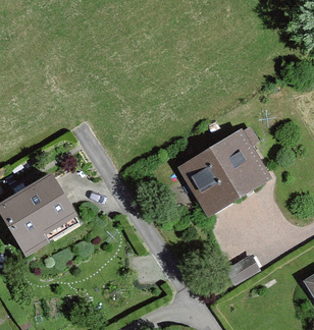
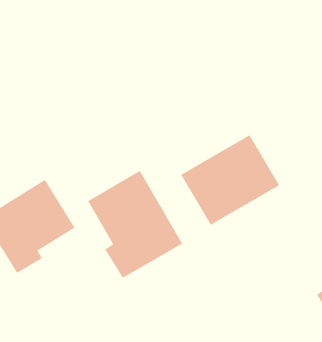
building: none -> [87,170,183,279]

